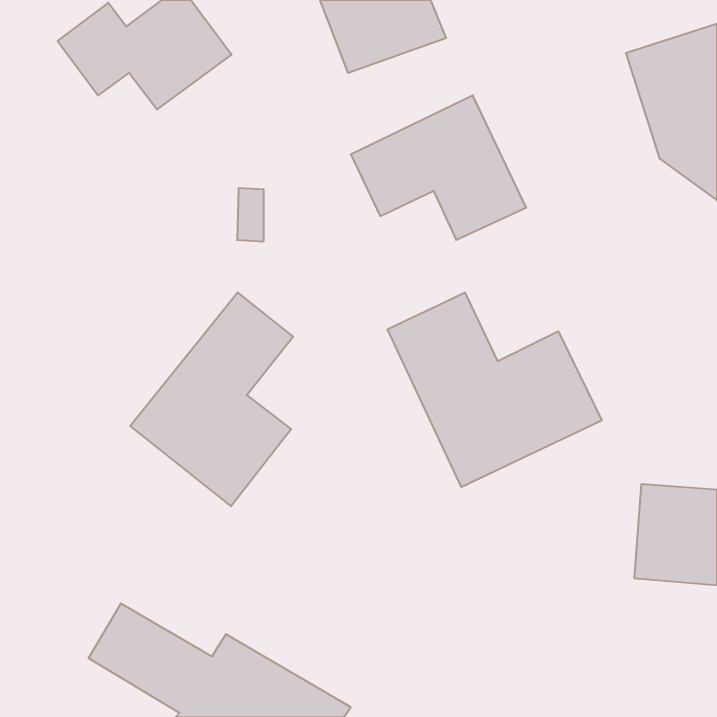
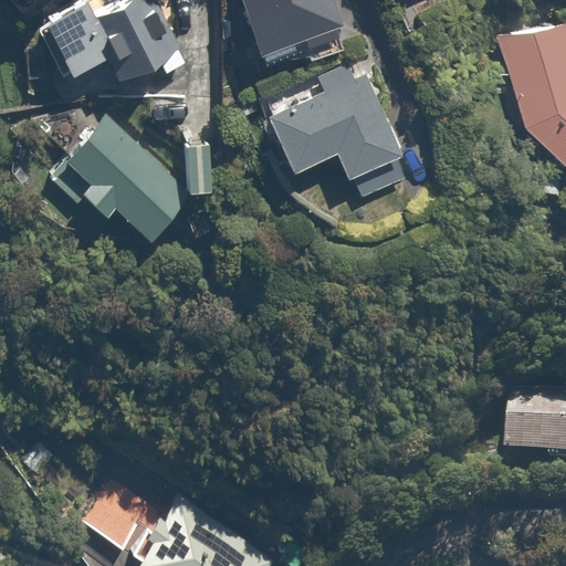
building: none -> [55,122,185,233]
building: [130,292,293,506] -> none
building: [388,293,602,487] -> none

